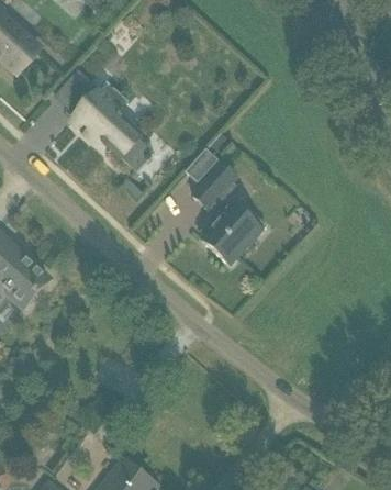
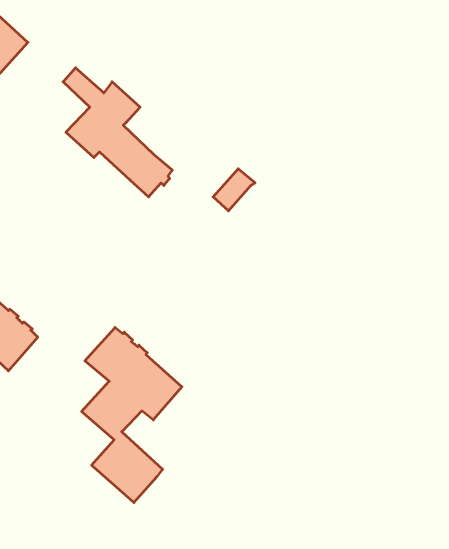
building: [192,163,262,265] -> none
building: none -> [82,327,182,503]

